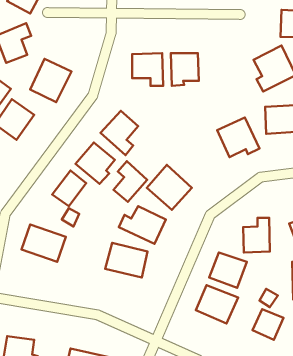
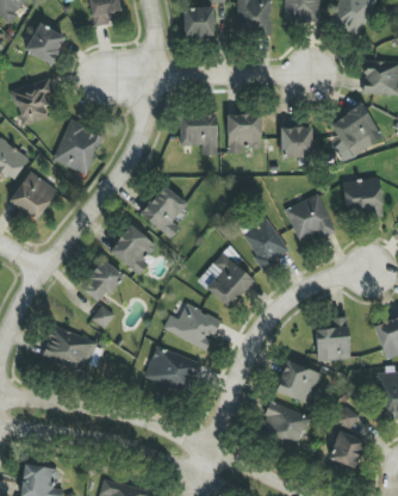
building: none -> [280,126,312,157]
building: none -> [241,217,290,268]
building: [113,161,147,202] -> none

